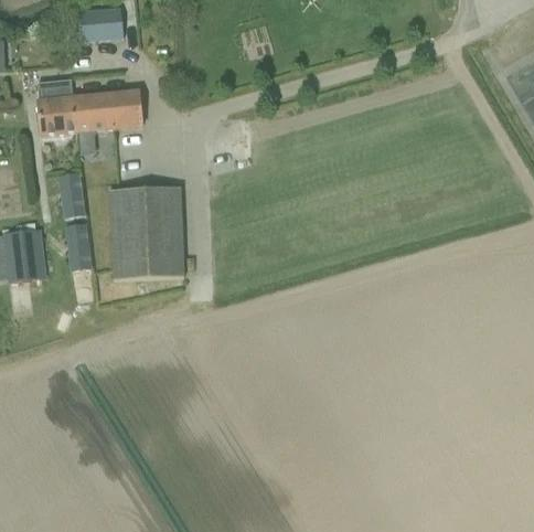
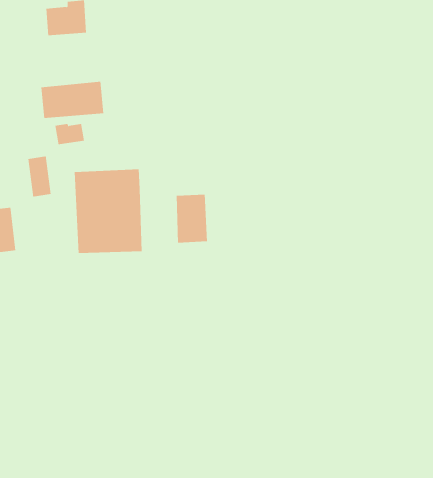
building: [35,79,75,135] -> none
building: none -> [176,194,208,243]
building: [64,223,90,270] -> none

